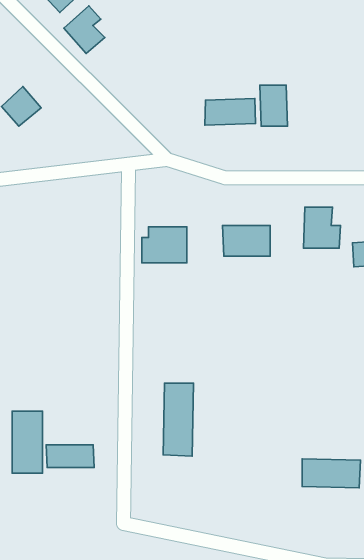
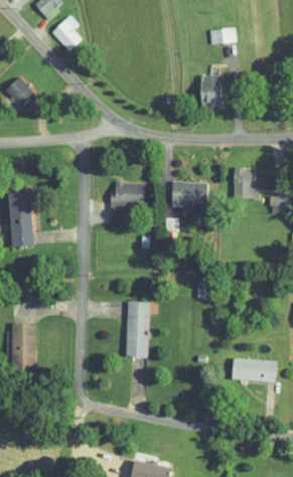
building: none -> [210,28,237,44]
building: [205,99,256,125] -> none
building: none -> [9,192,33,247]
building: [46,445,94,468] -> none

